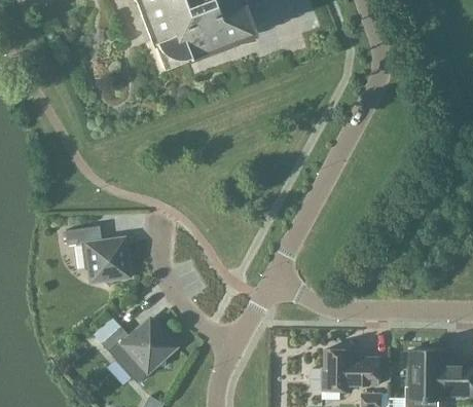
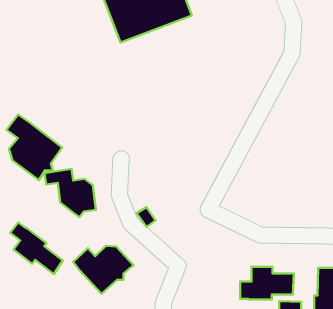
building: none -> [6,115,62,180]
building: none -> [10,222,63,274]

